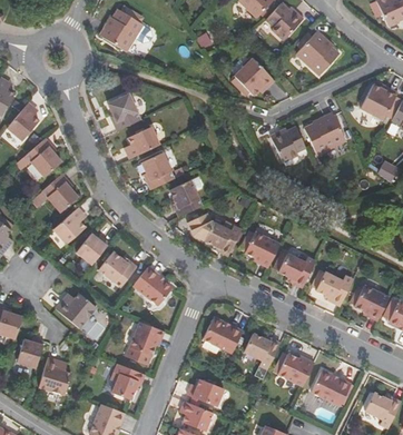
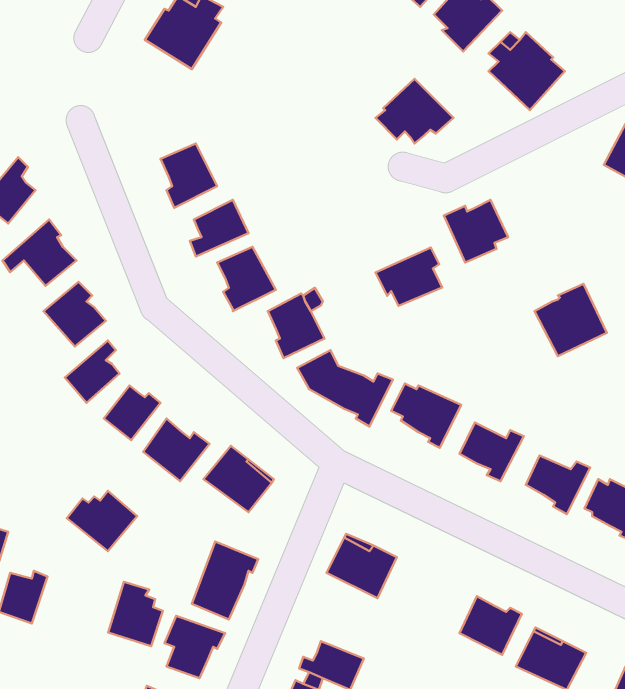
building: [305,111,346,152] -> [535,284,607,356]
building: none -> [376,247,442,306]
building: [244,333,281,368] -> none
building: [38,356,69,393] -> [108,582,163,646]

